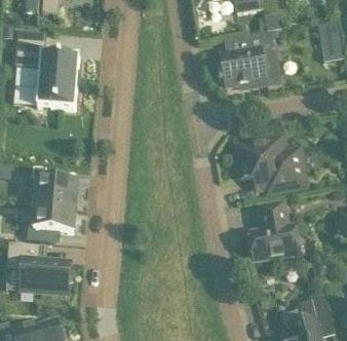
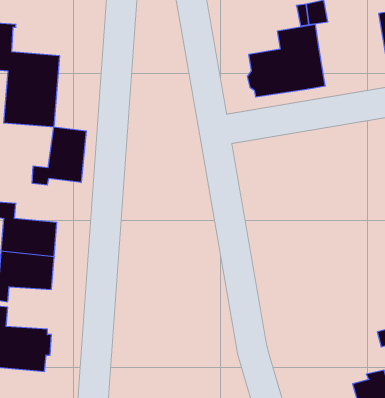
building: none -> [32,127,86,185]
building: [237,137,305,192] -> none
building: [249,200,297,259] -> none

